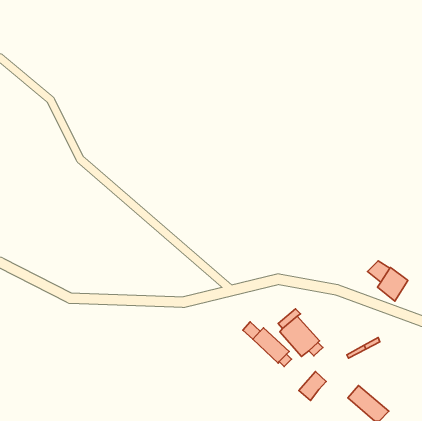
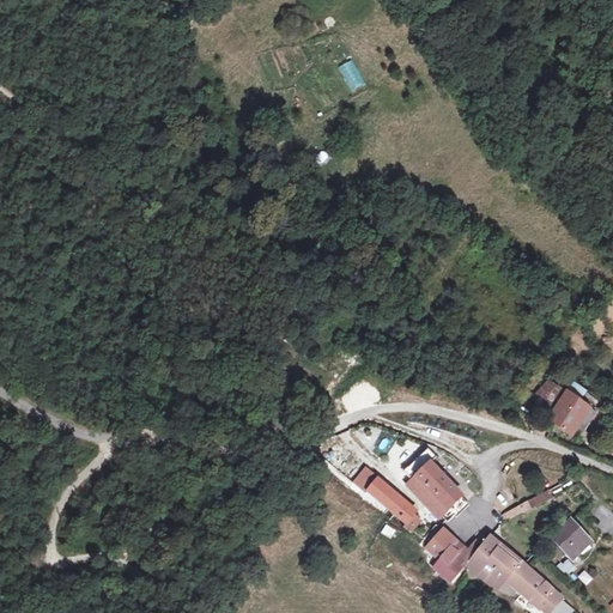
building: none -> [550,517,593,560]
building: none -> [425,527,457,559]
building: none -> [462,534,520,590]

